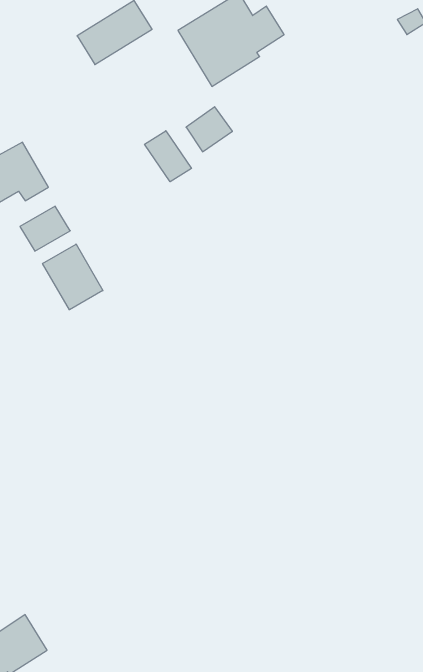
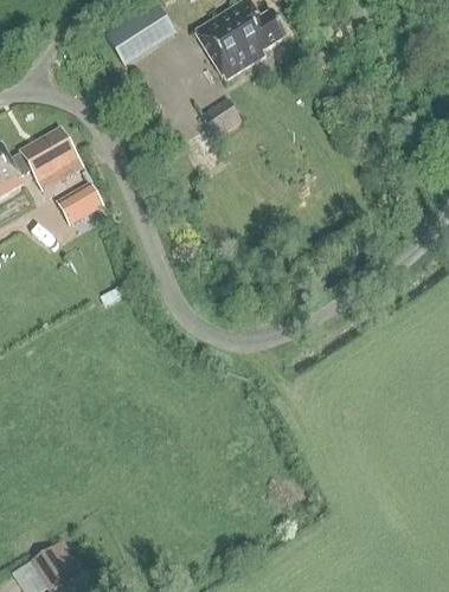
building: [145,131,191,182] -> none
building: [43,244,103,310] -> none

